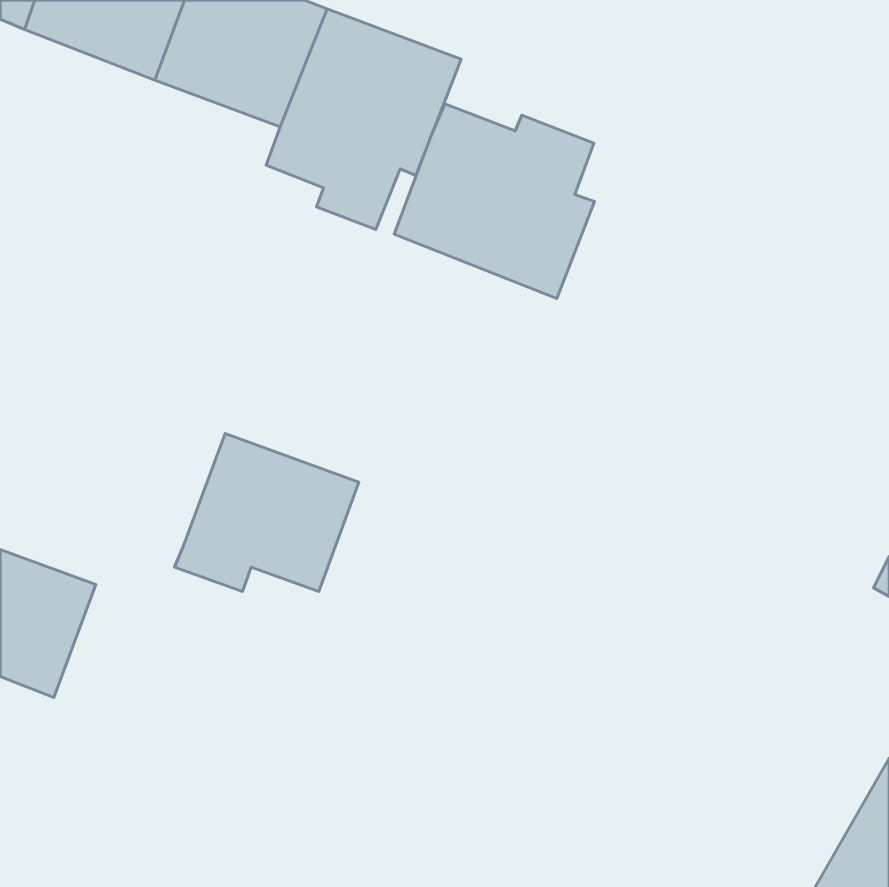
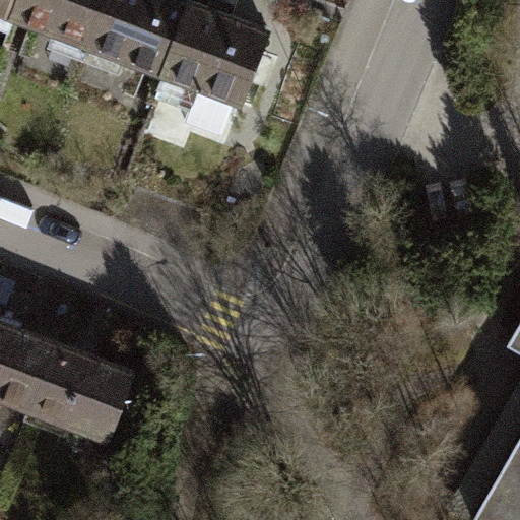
building: [394,104,594,299] -> none
building: [175,433,359,592] -> [26,342,134,435]

